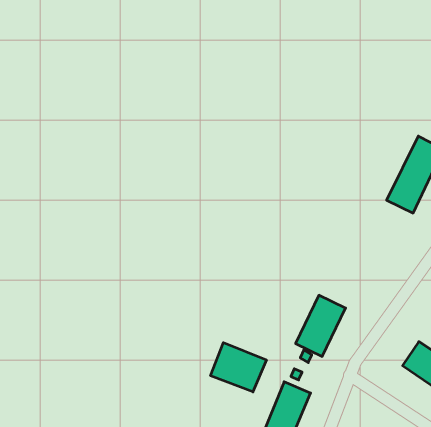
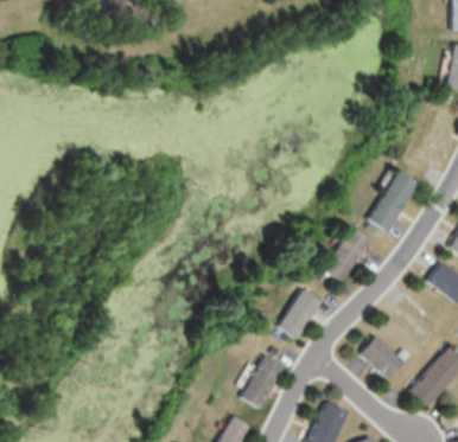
building: none -> [322,225,370,282]
building: [211,343,266,392] -> none

